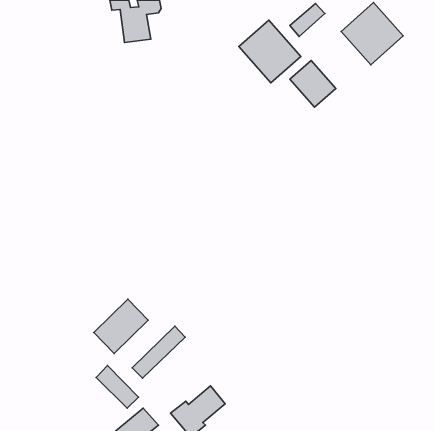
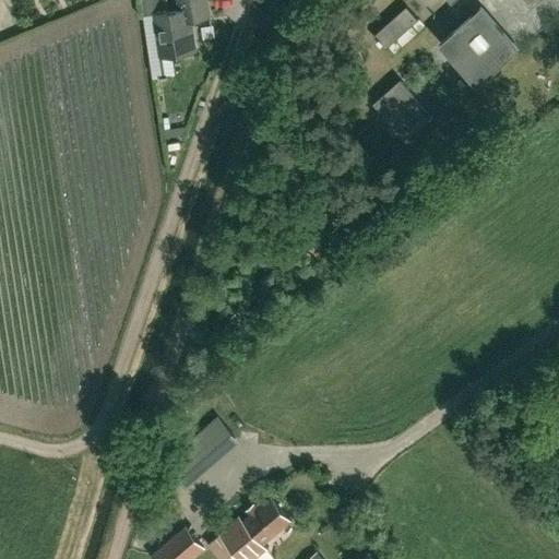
building: [239,20,301,83] -> none
building: [94,299,148,353] -> none
building: [96,366,139,408] -> none

